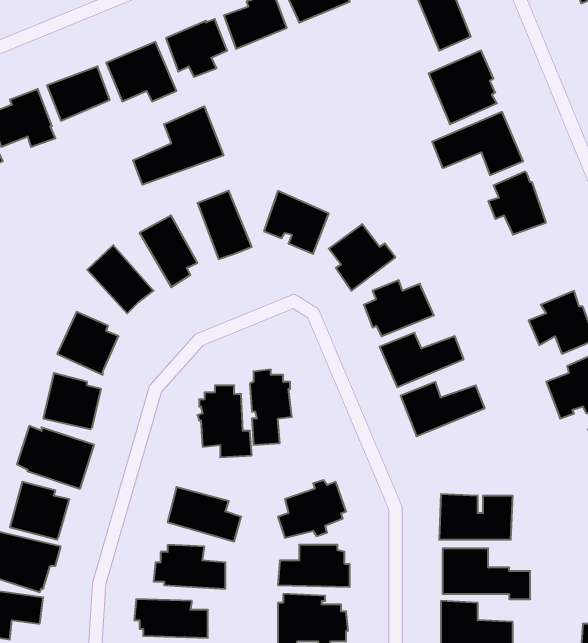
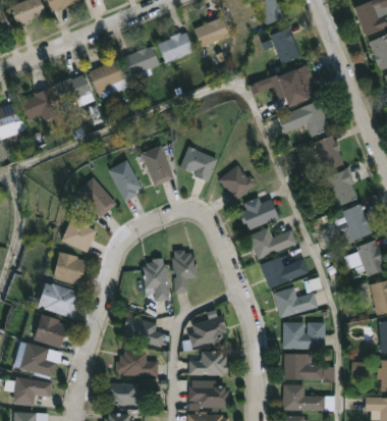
building: [133,106,223,185] -> none
building: none -> [328,168,357,207]
building: none -> [273,286,319,319]

